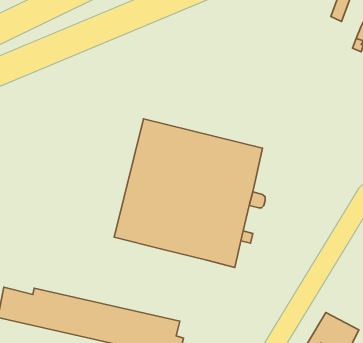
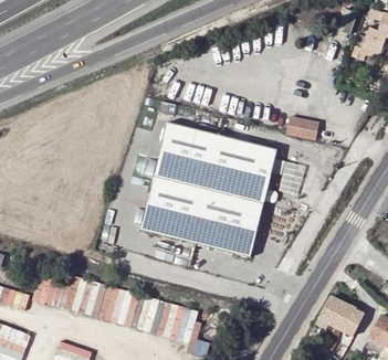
building: none -> [285,116,319,139]

